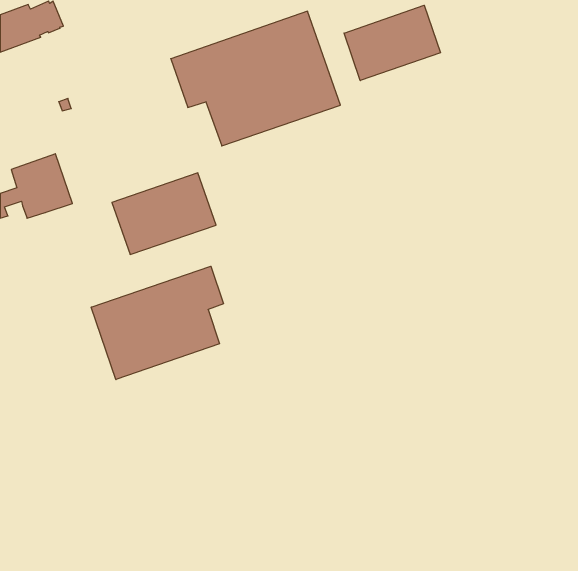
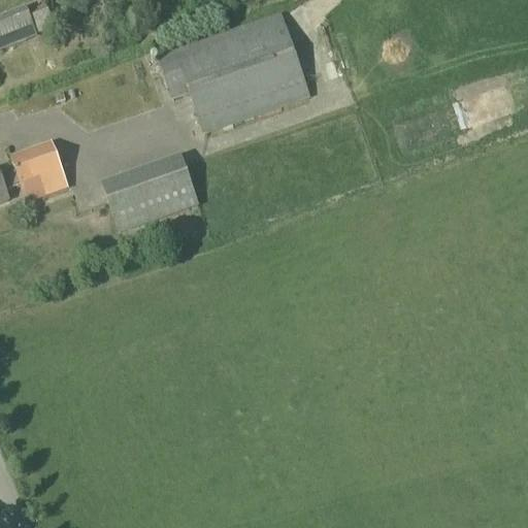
building: [344,5,440,81] -> none
building: [91,266,224,380] -> none

